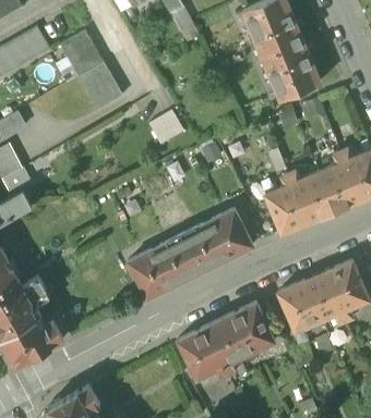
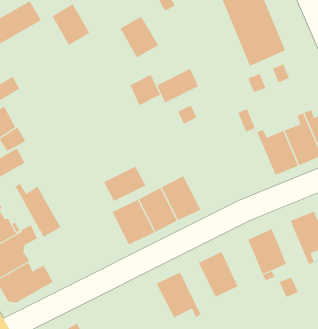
building: [79,63,122,110] -> [120,16,159,58]
building: none -> [156,68,199,104]
building: [264,173,308,233] -> none
building: [206,208,252,259] -> none
building: none -> [104,166,146,202]
building: none -> [15,183,61,237]
building: [304,271,345,323] -> none
building: [203,318,241,374] -> none

